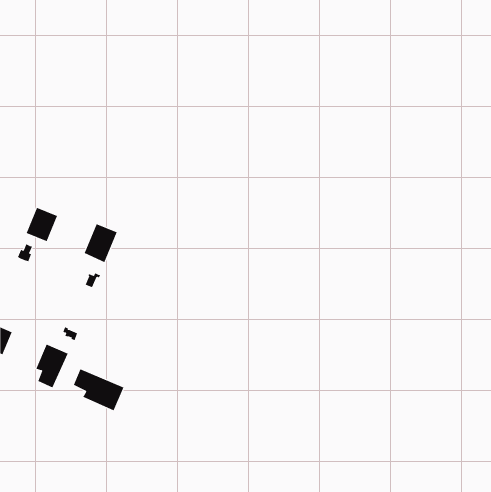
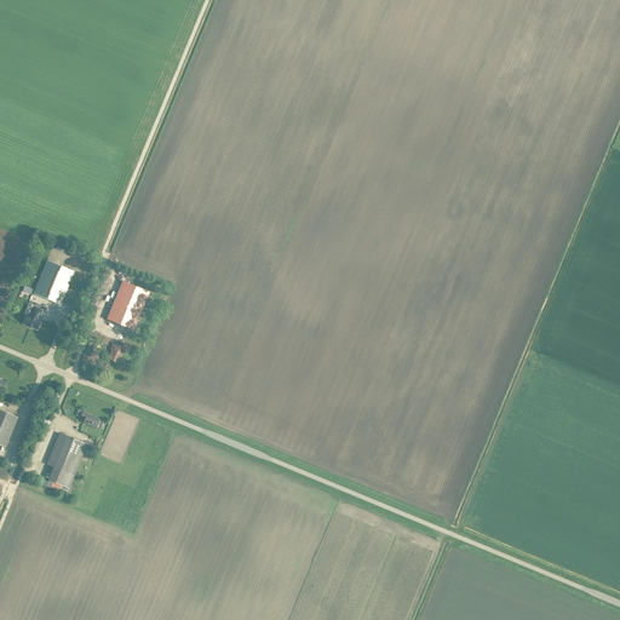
building: [73,369,124,411] -> none

